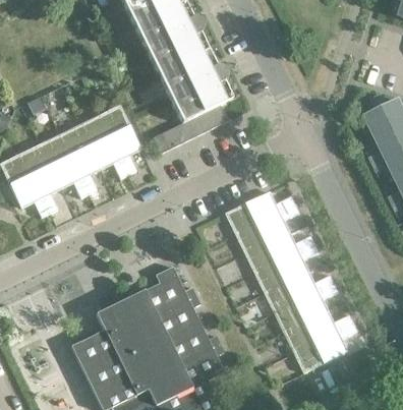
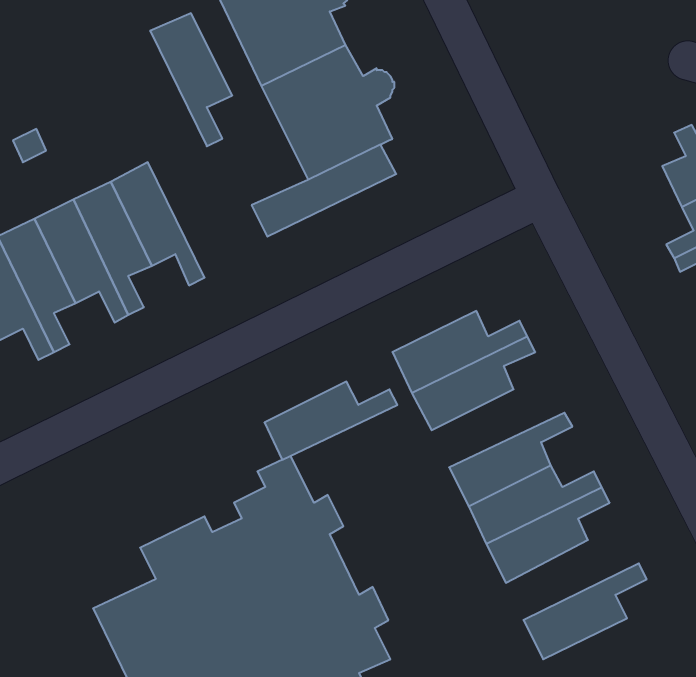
building: [98,104,140,173] -> [150,13,232,146]
building: [245,231,314,272] -> [264,382,397,460]
building: [284,309,353,351] -> none

